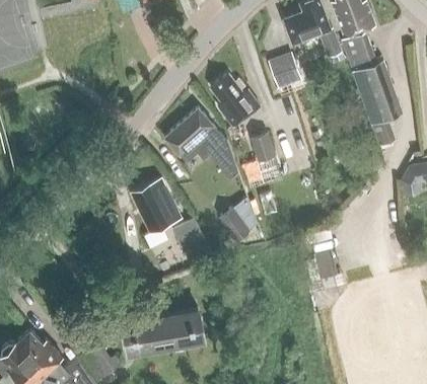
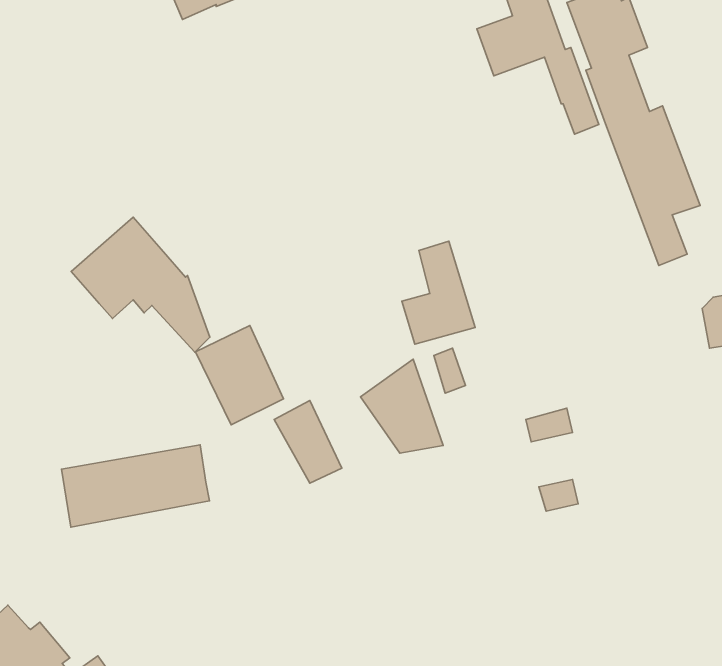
building: [269,53,301,89] -> none
building: [210,74,261,128] -> none
building: [164,108,239,181] -> [71,217,210,352]
building: [123,309,203,354] -> [61,445,210,527]

